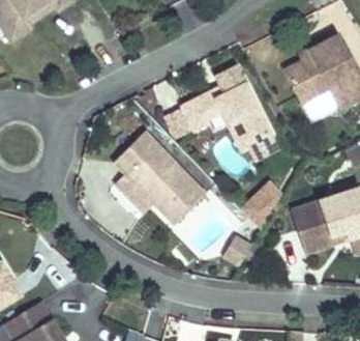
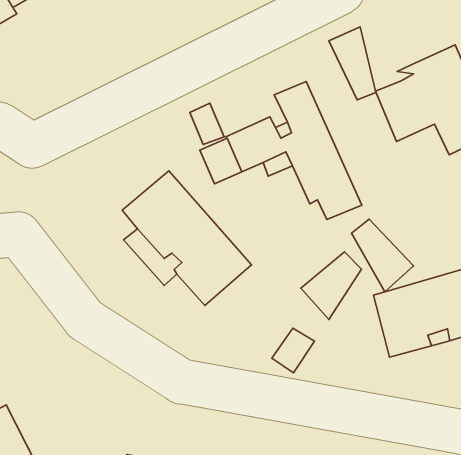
building: none -> [329,27,376,100]
building: none -> [352,219,413,292]

